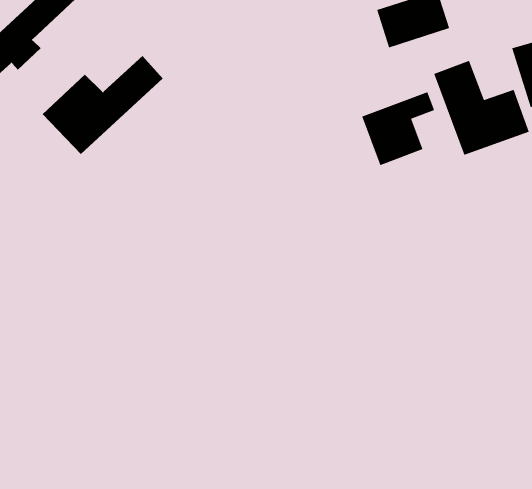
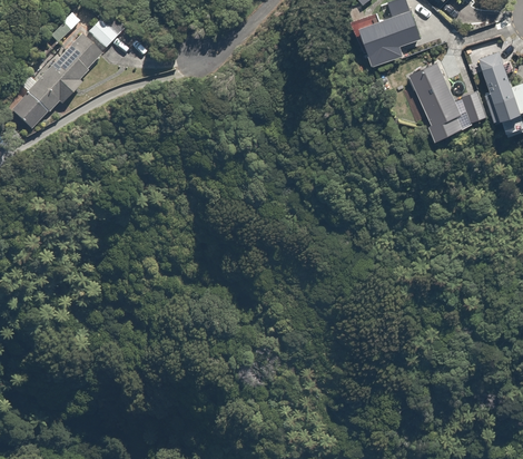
building: [42,55,164,155] -> none
building: [361,91,435,166] -> none

